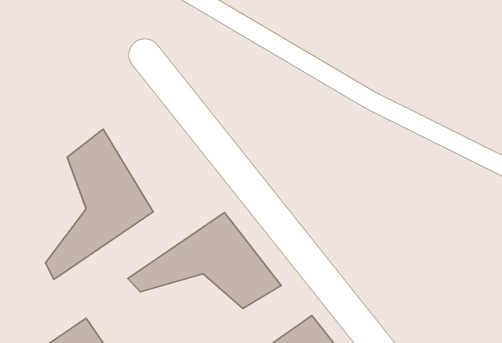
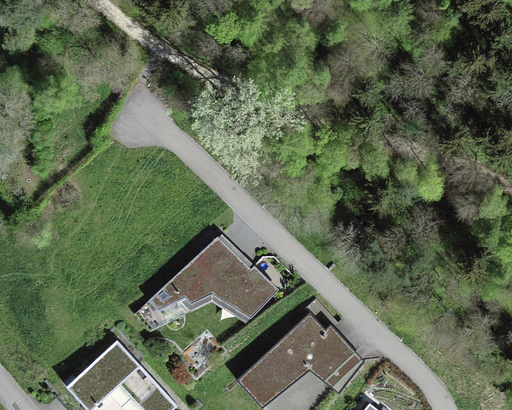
building: [45,129,153,280] -> none

